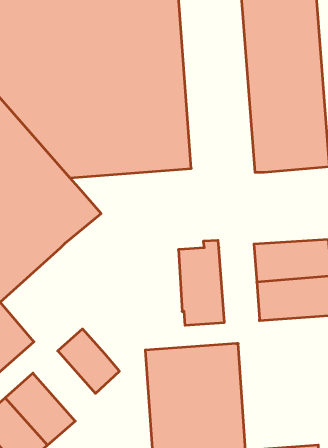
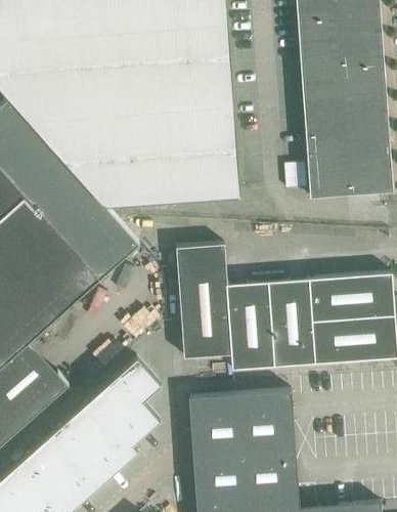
building: none -> [176,243,229,356]
building: none -> [269,273,315,366]
building: none -> [119,356,162,400]
building: none -> [63,397,138,475]

